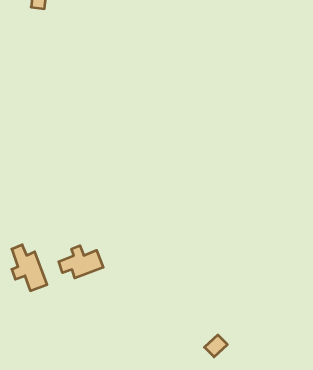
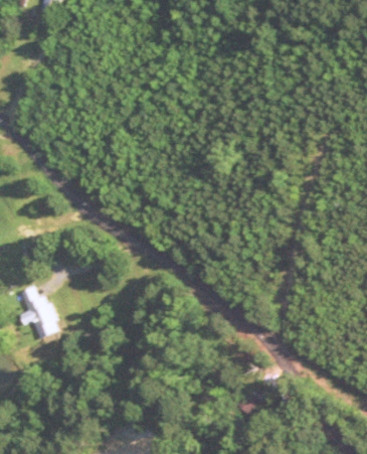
building: [59,246,103,278] -> none

